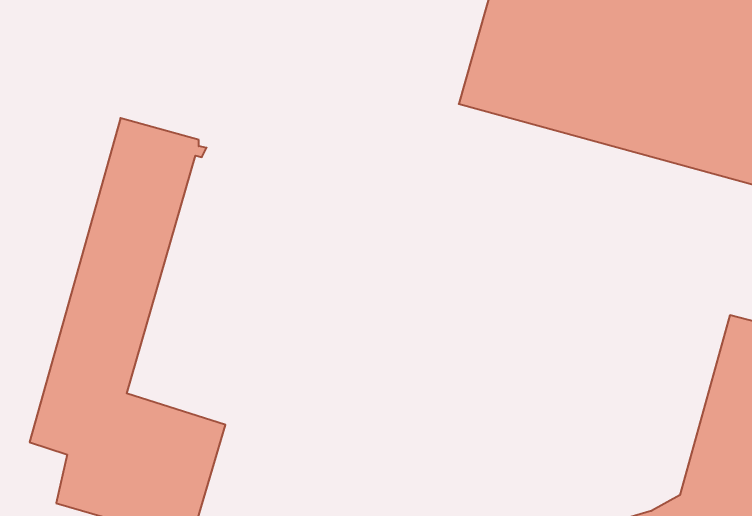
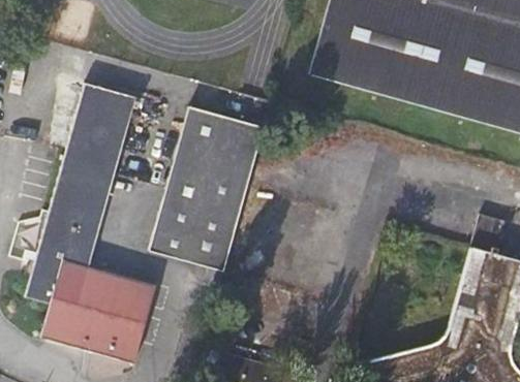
building: none -> [150,101,265,268]

